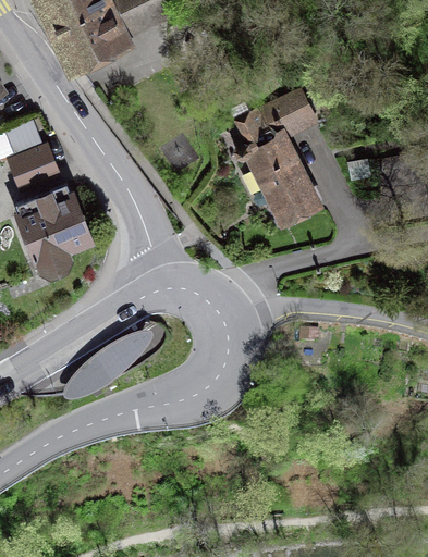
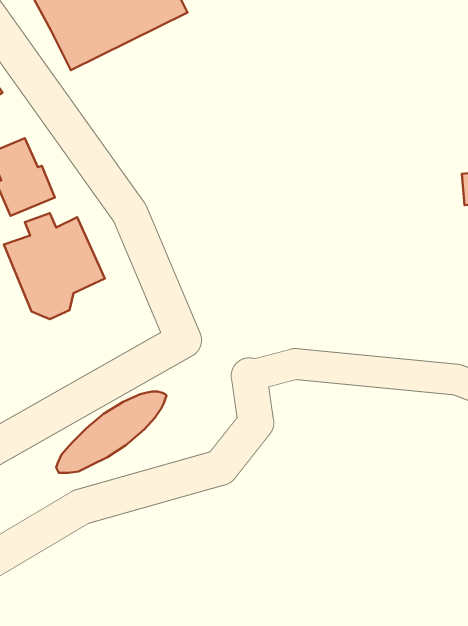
building: [234,90,318,233] -> none

